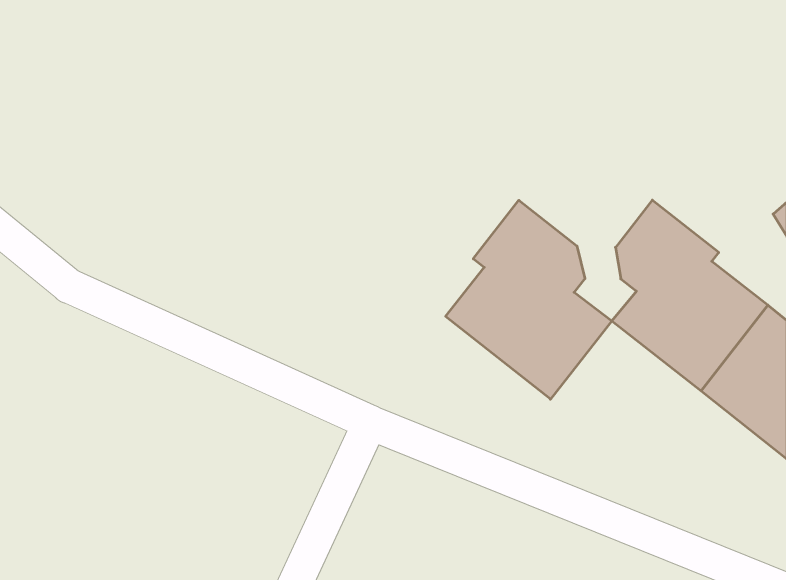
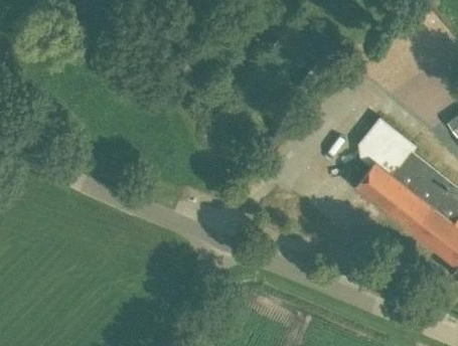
building: [446,200,612,399] -> none

